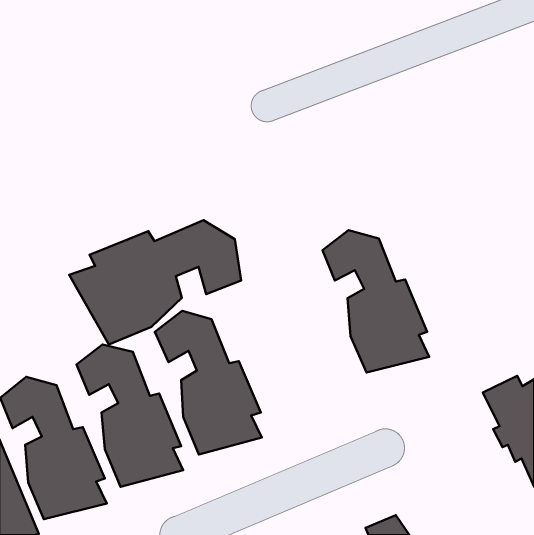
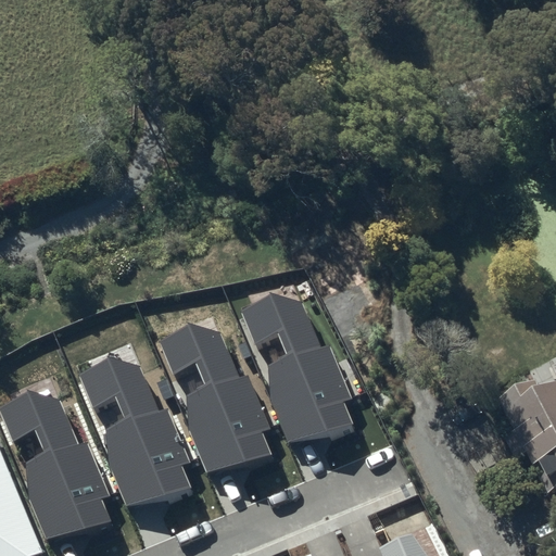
building: [69,220,241,345] -> none
building: [322,230,429,373] -> [242,293,353,441]

